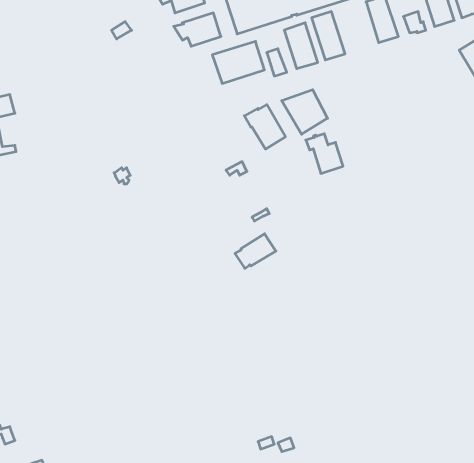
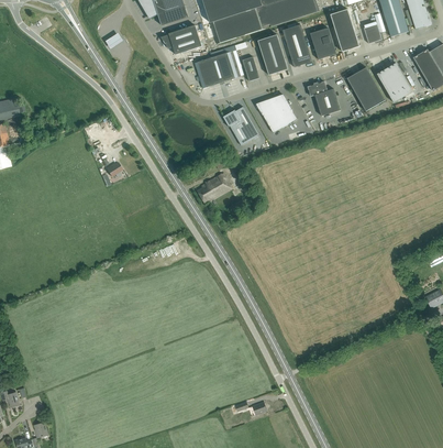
building: none -> [310,26,336,58]
building: none -> [377,62,413,101]
building: none -> [347,66,385,110]
building: [306,134,343,173] -> [308,80,341,116]
building: [235,234,276,268] -> [197,172,233,203]

